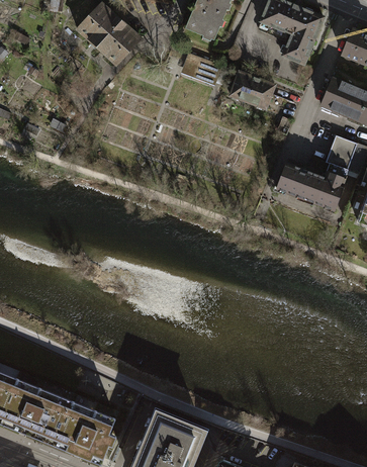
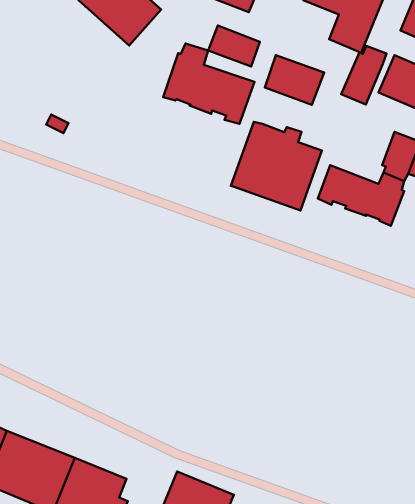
building: none -> [163,43,255,124]
building: none -> [341,46,386,105]
building: none -> [231,122,322,210]

